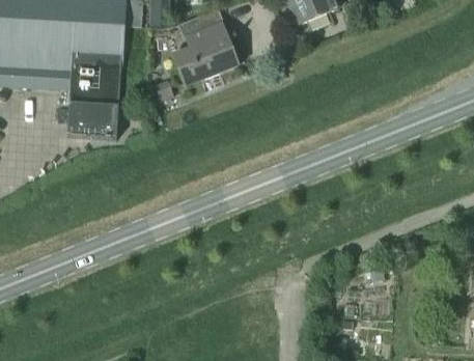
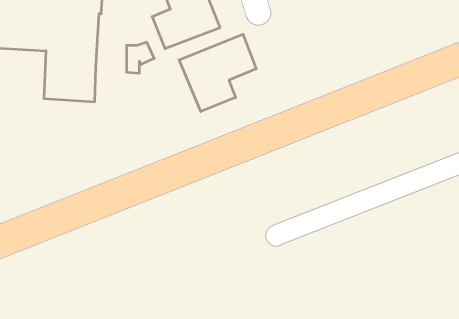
building: none -> [179,34,256,112]

